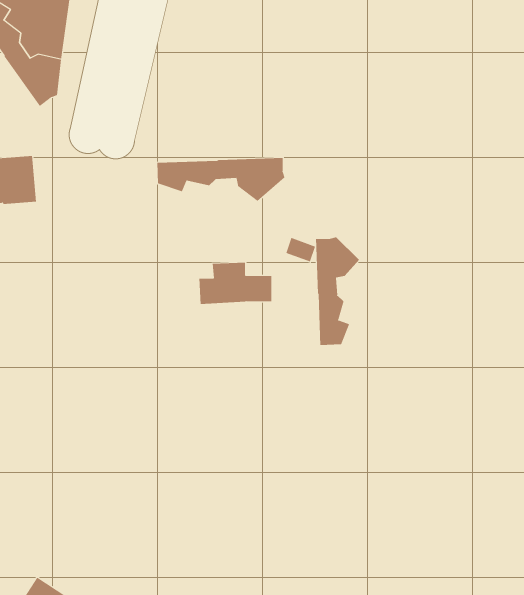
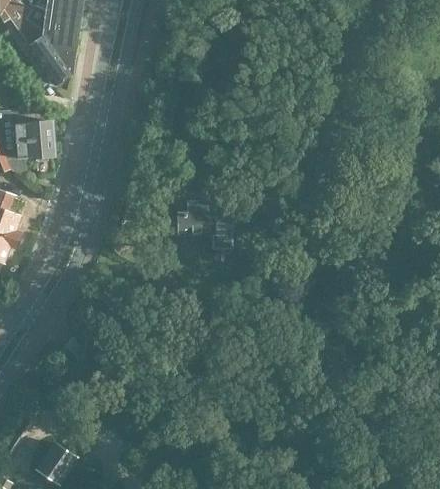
building: [157,157,285,202] -> none
building: [315,236,360,346] -> none

